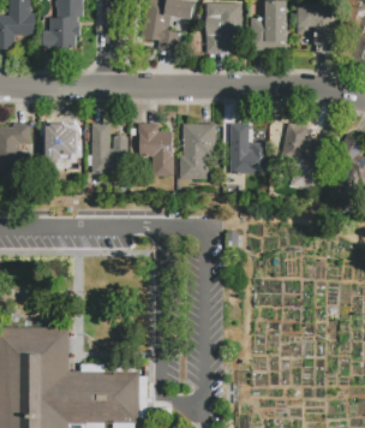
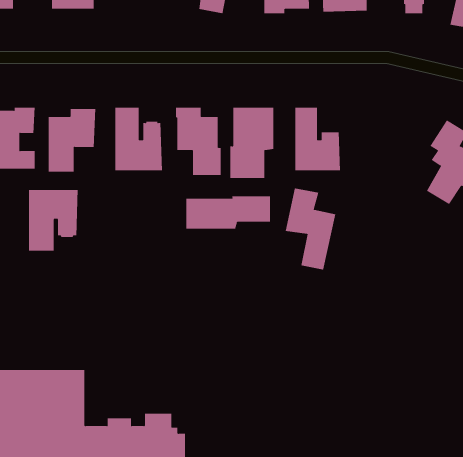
building: [281,123,321,186] -> [285,188,336,270]
building: none -> [29,189,78,252]
building: none -> [186,196,271,230]

